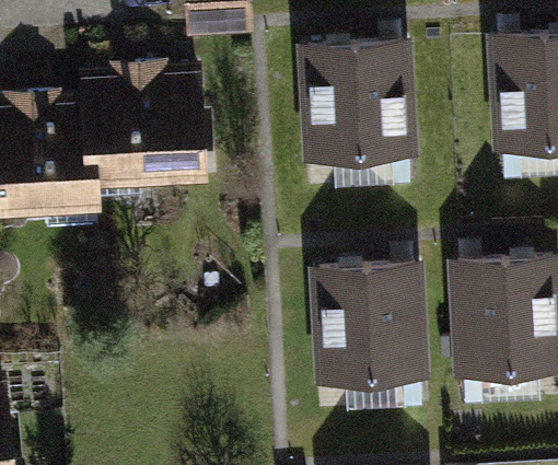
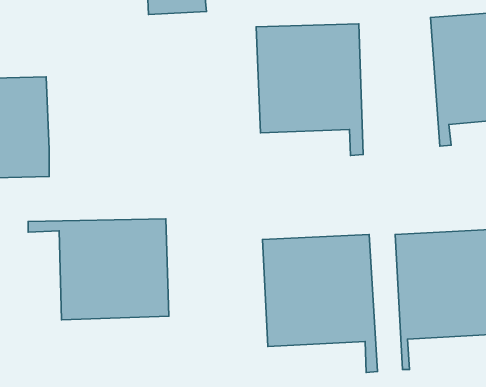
building: [82,71,200,177] -> none
building: none -> [28,219,169,320]

